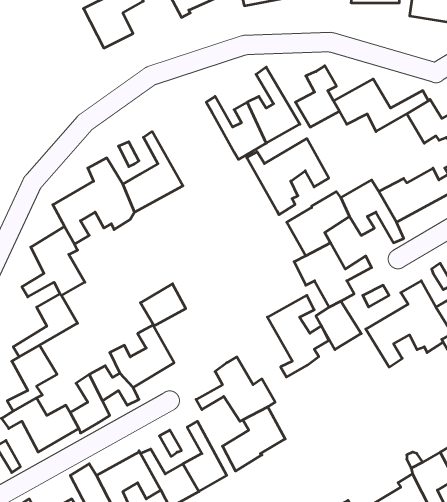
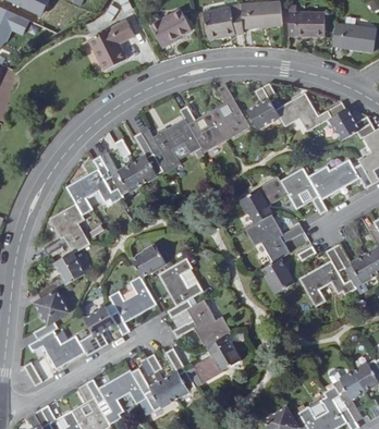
building: [247,139,329,215] -> [140,118,201,174]
building: [267,295,329,377] -> [158,258,204,319]

